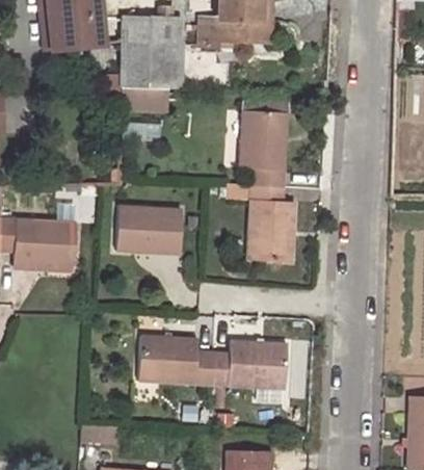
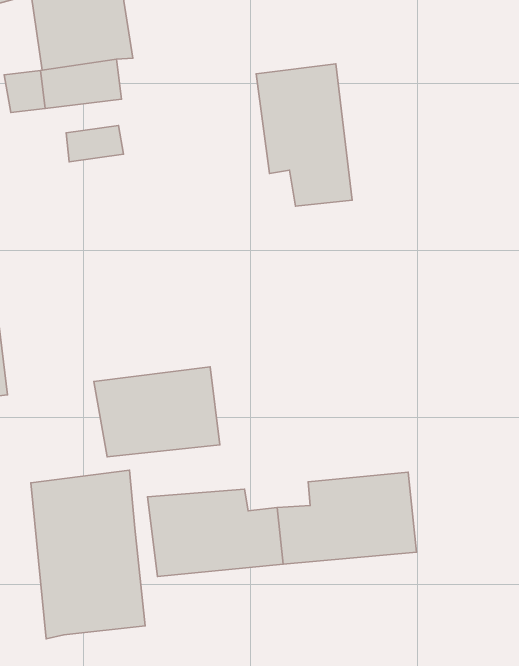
building: [248,186,294,258] -> none
building: [122,201,188,249] -> [94,367,220,457]
building: none -> [31,470,145,639]

